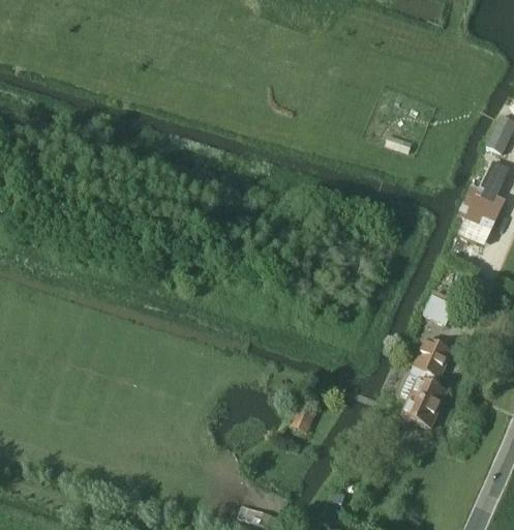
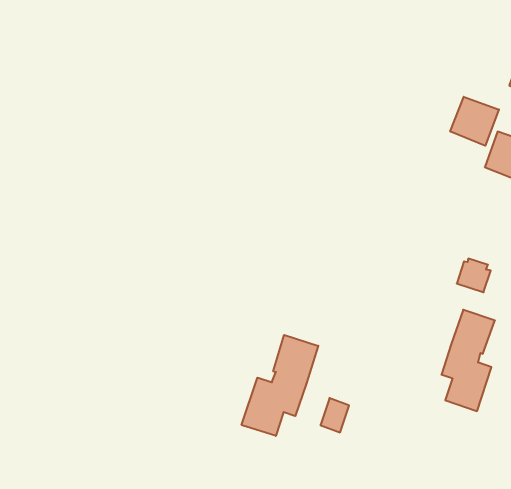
building: none -> [450,97,499,146]
building: none -> [242,335,318,436]

